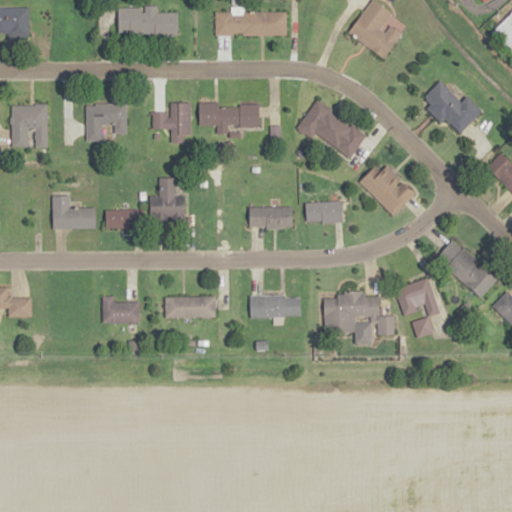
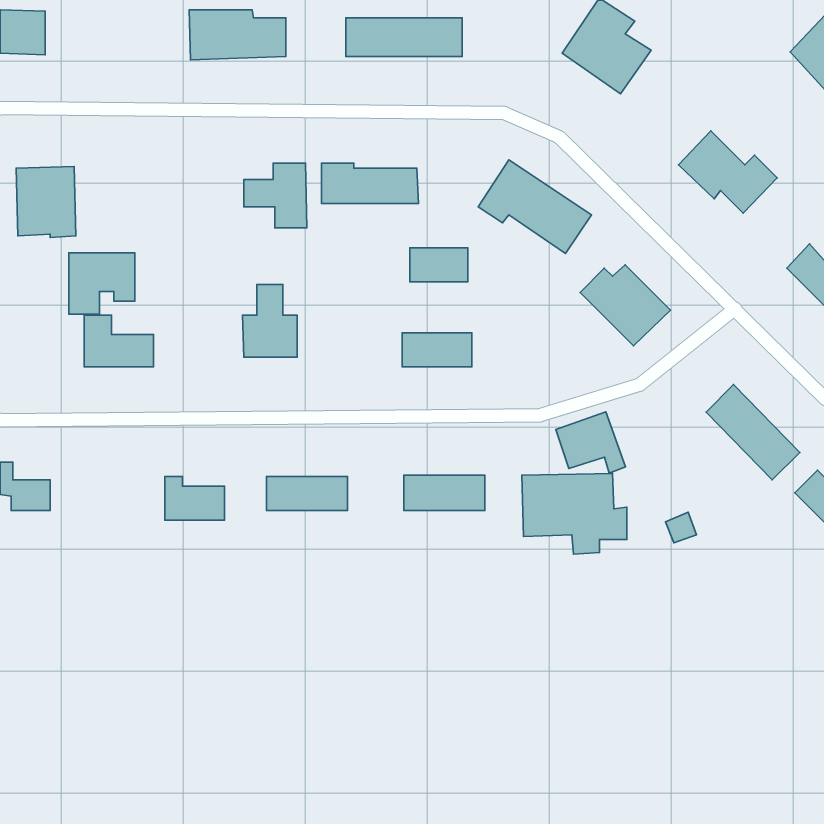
building: [86,103,127,141] -> [69,253,135,314]
building: [306,202,342,223] -> [410,248,468,282]
building: [106,209,142,228] -> none
building: [396,278,439,316] -> [556,412,625,473]

